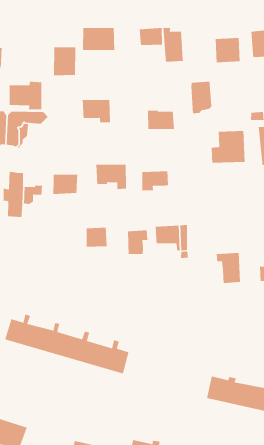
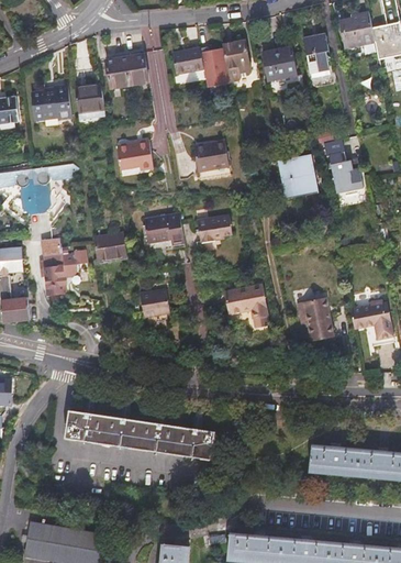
building: [191,81,212,114] -> [222,41,250,82]
building: [9,81,42,110] -> [30,86,73,121]
building: [127,230,148,255] -> none

